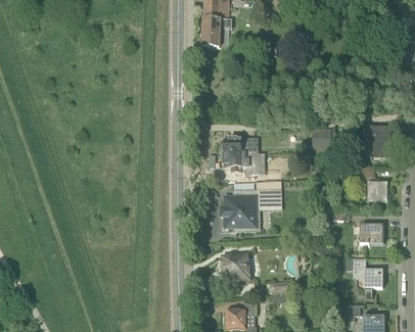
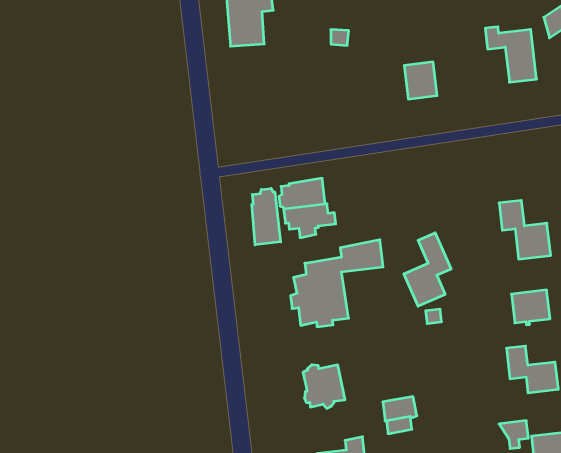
building: [363,123,391,158] -> [485,27,537,82]
building: [313,128,331,149] -> [404,62,437,99]
building: none -> [252,188,281,245]
building: none -> [404,233,451,306]

